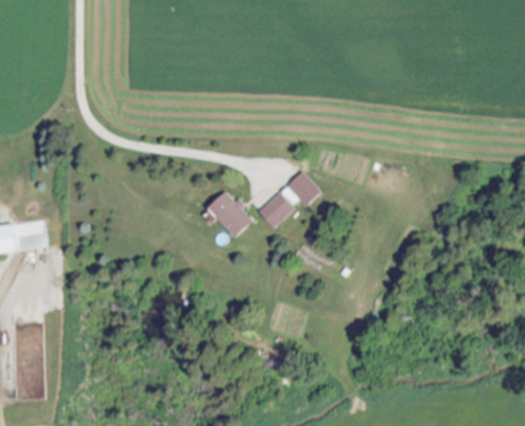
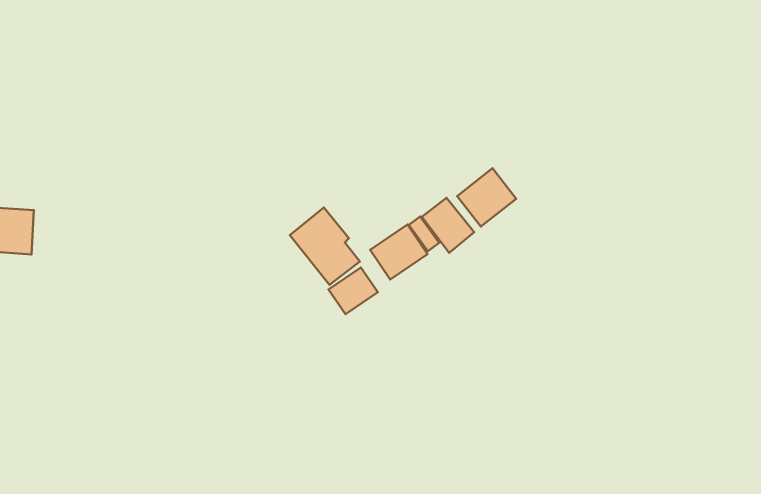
building: none -> [457,168,516,227]
building: none -> [329,268,378,314]

